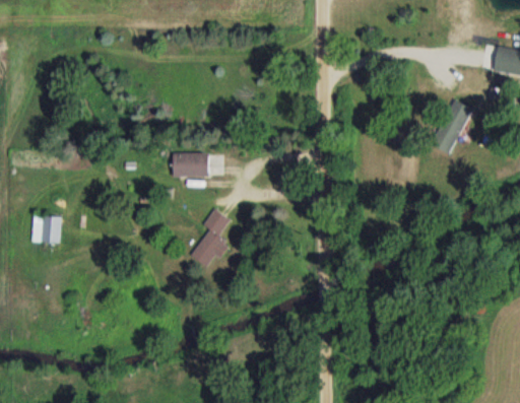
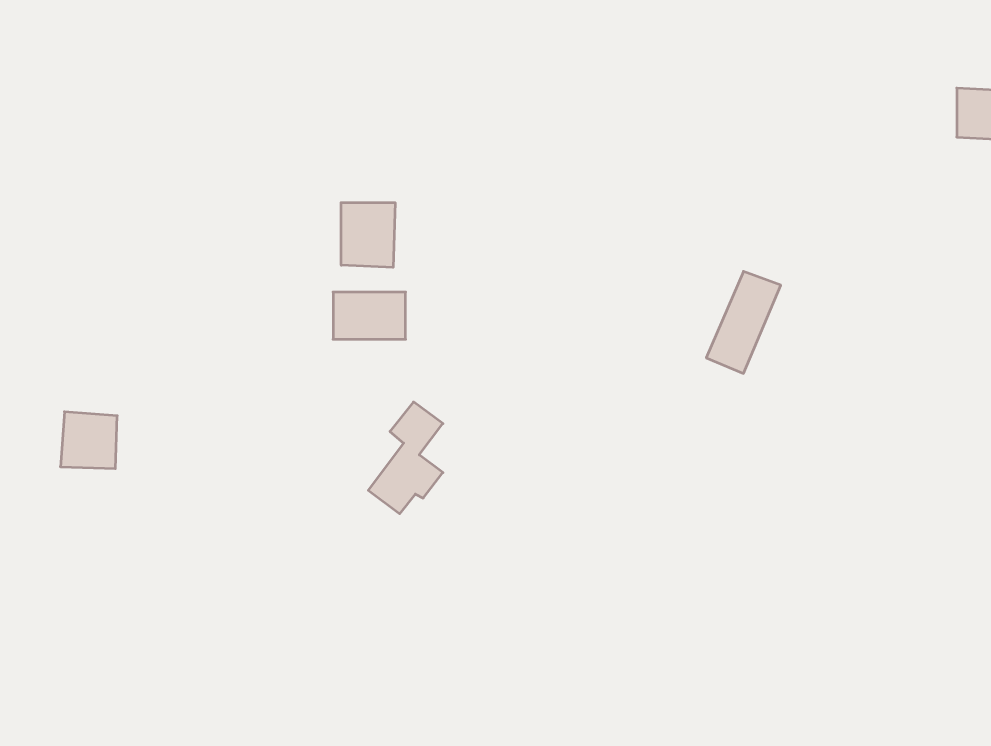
building: [432,100,470,153] -> [706,271,781,373]
building: none -> [341,203,395,267]

